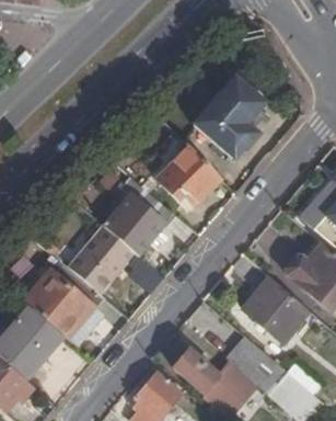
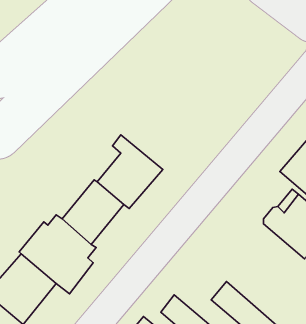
building: [194,77,265,160] -> none
building: [158,149,220,207] -> none
building: [242,276,308,342] -> none

